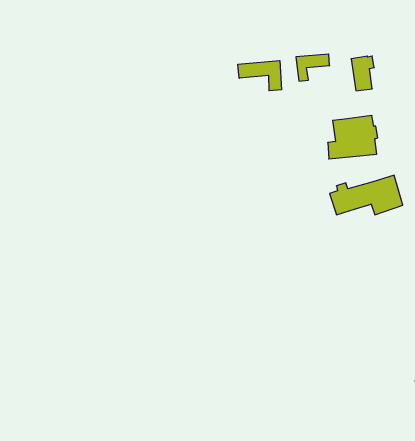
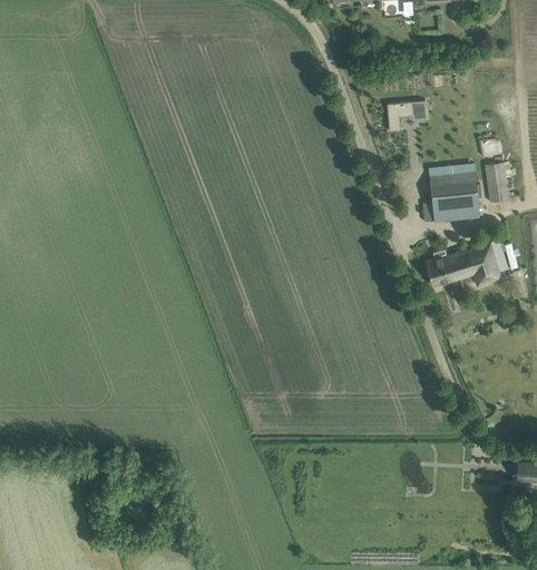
building: [351,56,374,91] -> [485,161,511,202]
building: [238,61,281,91] -> none

